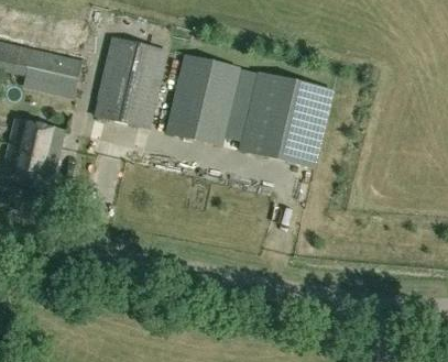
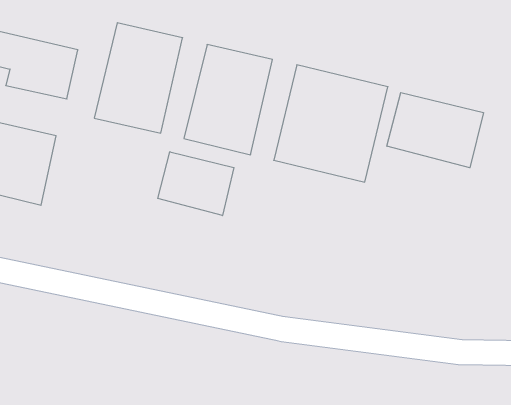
building: none -> [387,93,483,168]
building: none -> [158,152,234,216]

